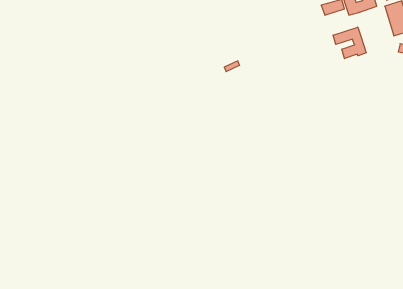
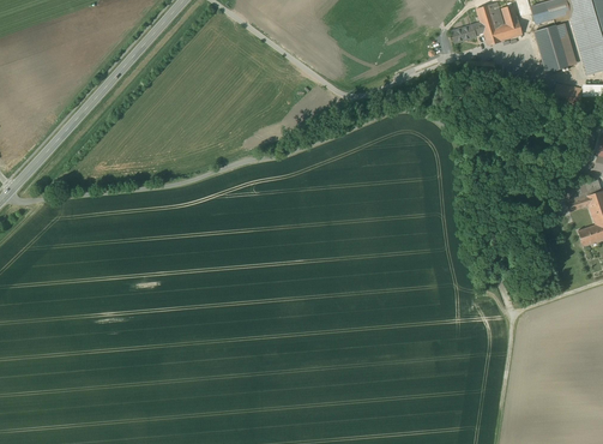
building: [333,27,366,59] -> none

